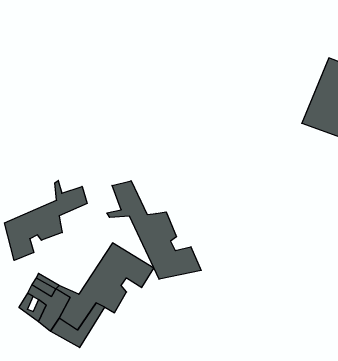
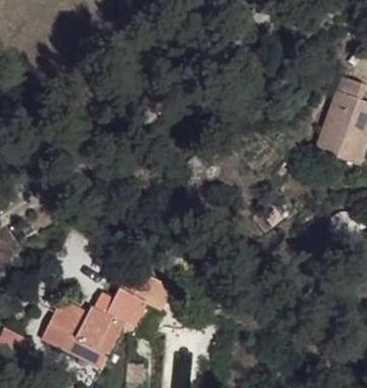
building: [4,180,87,260] -> none
building: [107,181,201,279] -> none

